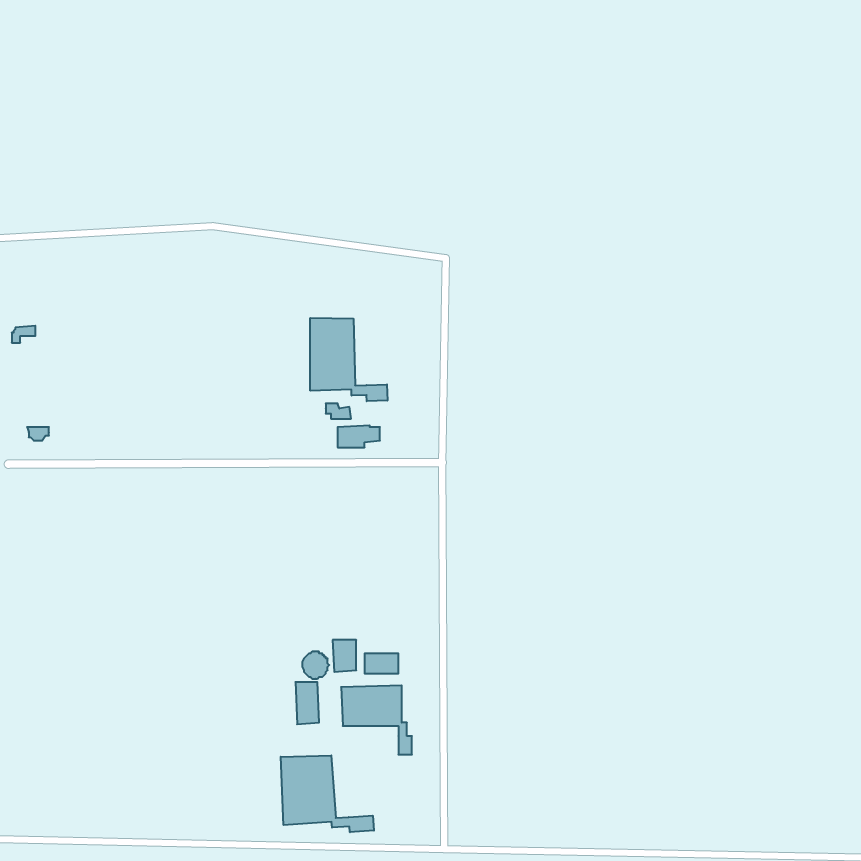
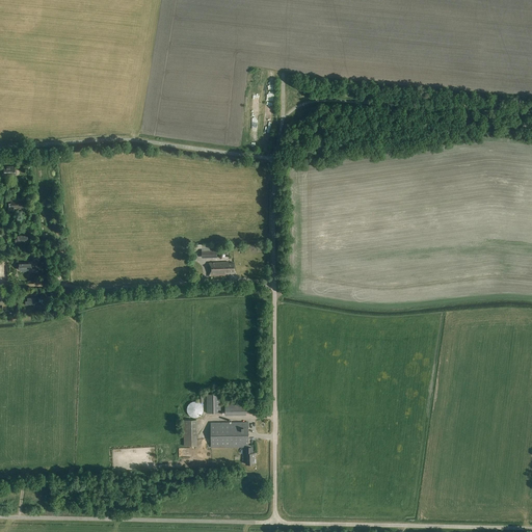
building: [310,318,387,401] -> none
building: [281,755,374,832] -> none

